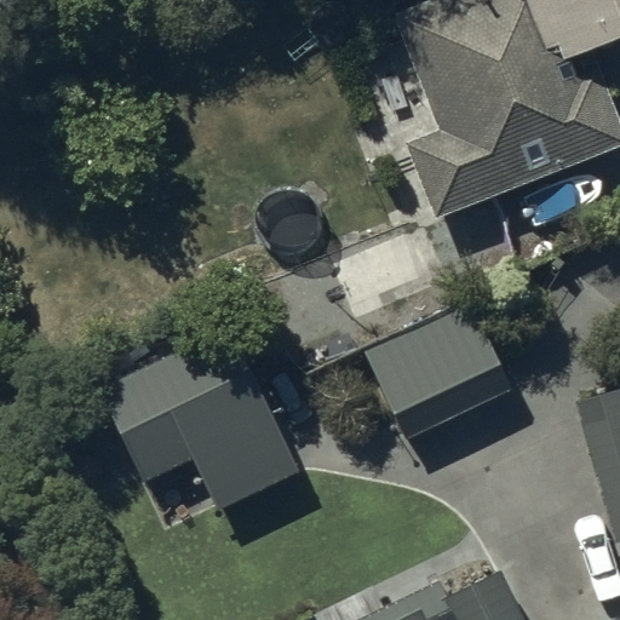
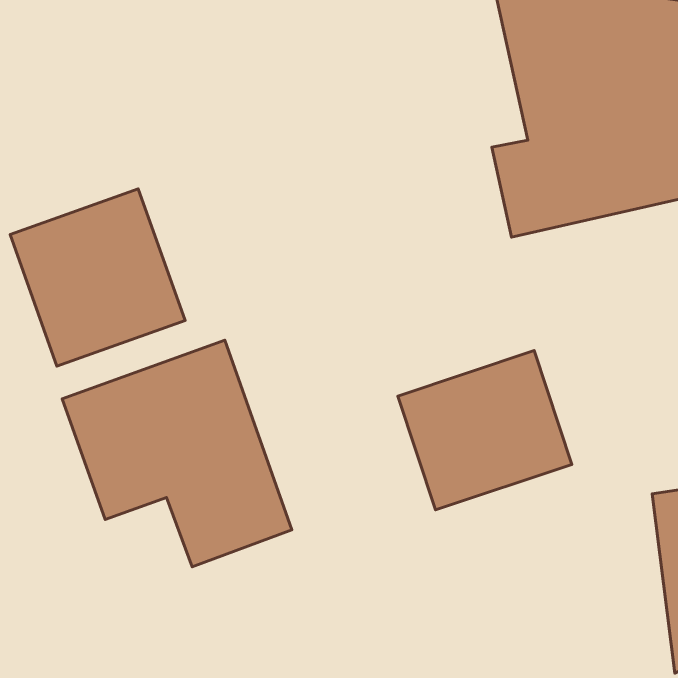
building: none -> [10,189,185,366]

